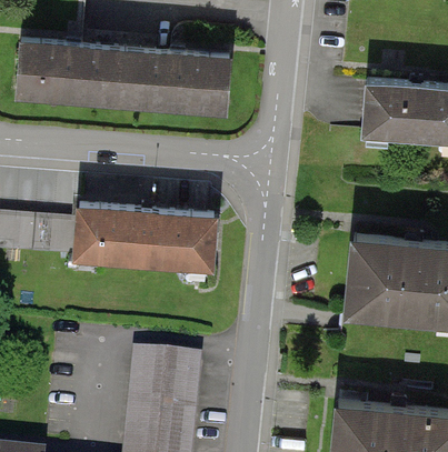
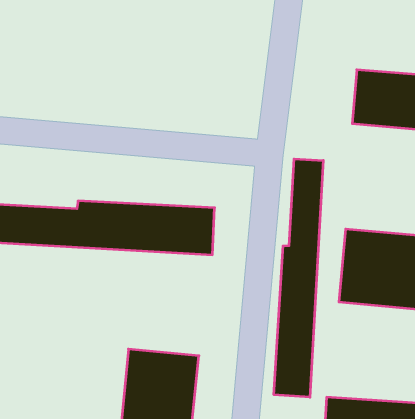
building: [14,46,232,109] -> none
building: none -> [274,159,323,397]

